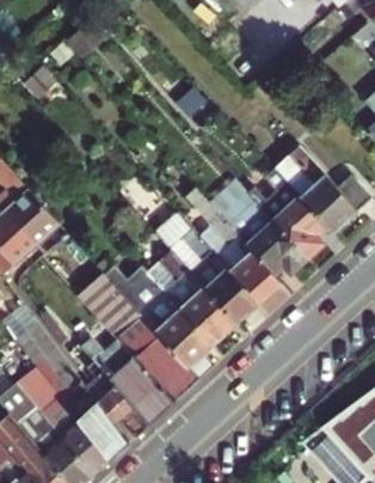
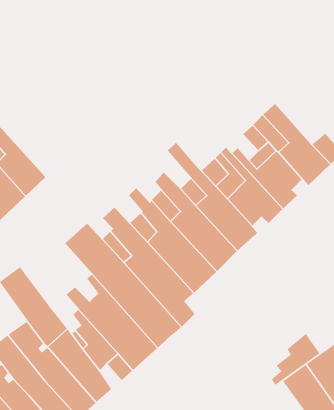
building: none -> [271,333,321,386]

